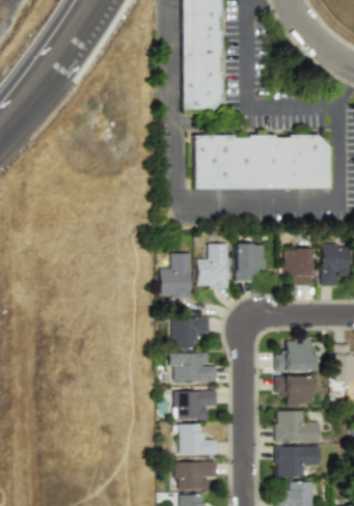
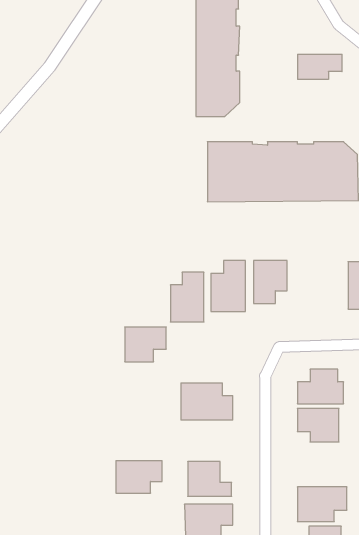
building: none -> [298,54,342,79]
building: [282,248,311,286] -> none
building: [171,317,209,348] -> [125,327,166,362]
building: [174,391,216,420] -> [116,461,162,493]
building: [275,411,320,443] -> none

